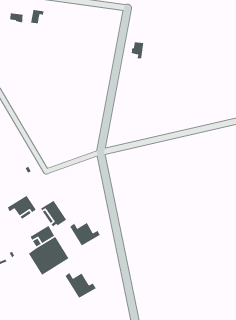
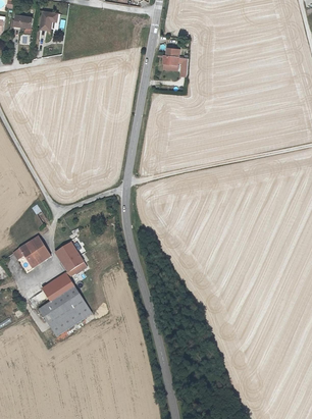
building: [69,222,101,247] -> none
building: [64,272,97,299] -> none

